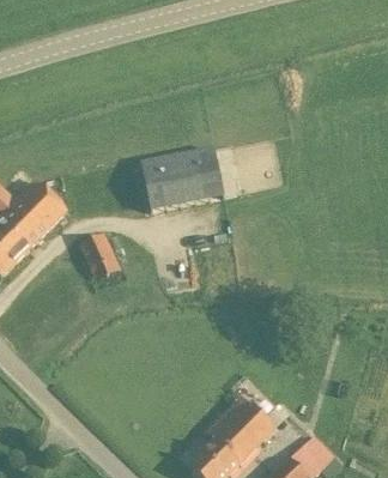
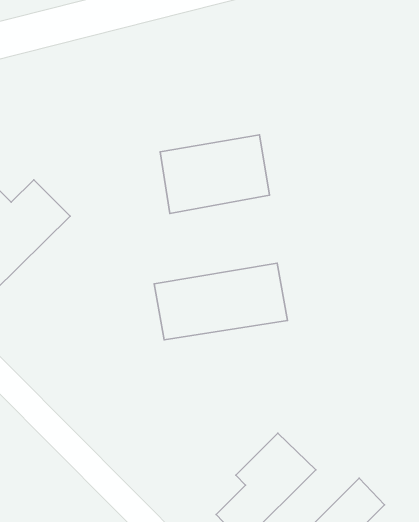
building: [79,231,119,277] -> none
building: none -> [154,263,288,340]

